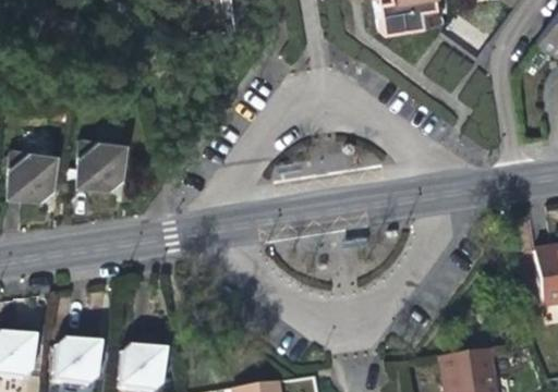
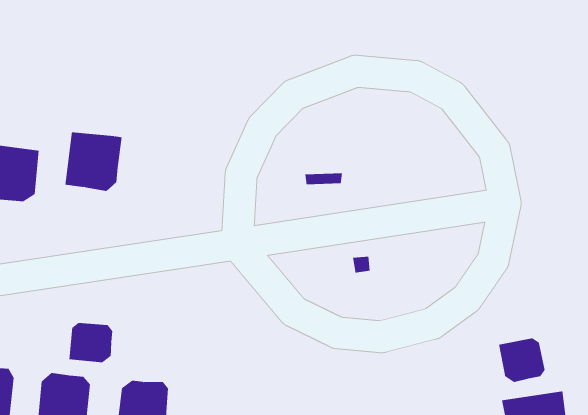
building: none -> [69,322,113,363]
building: none -> [499,338,545,383]

